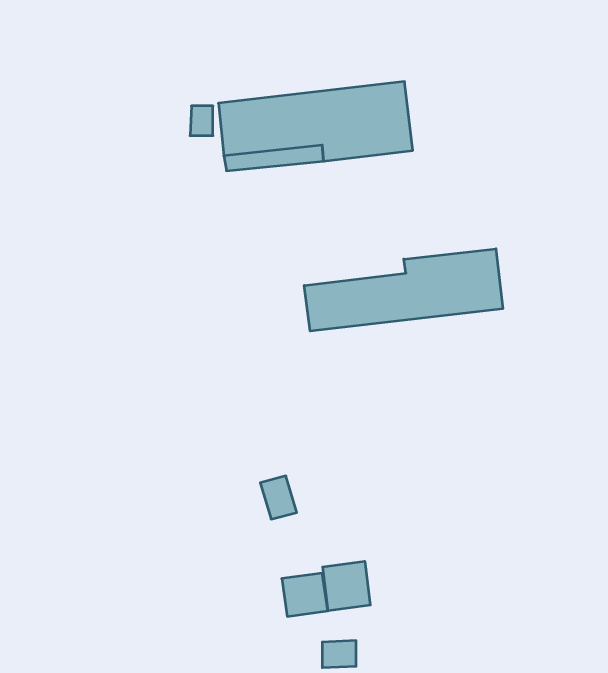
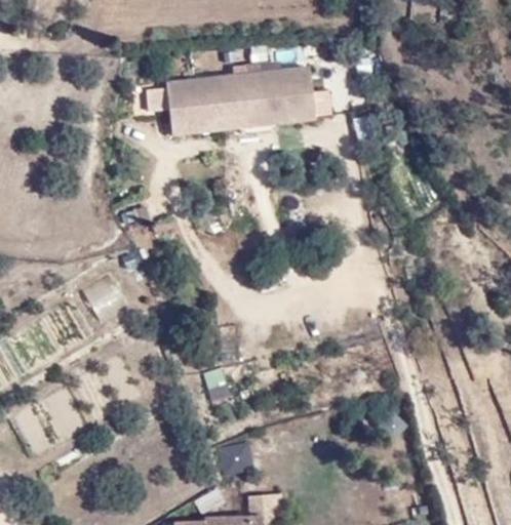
building: [304,249,503,331] -> none
building: [323,561,370,611] -> none

